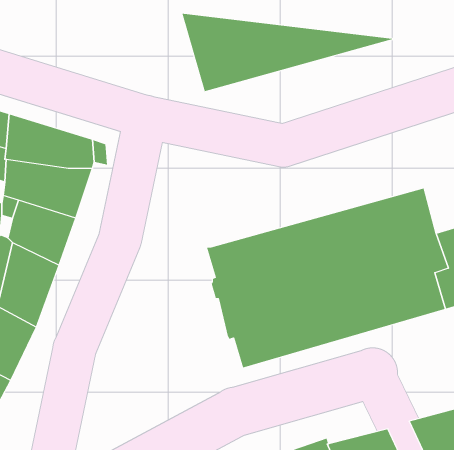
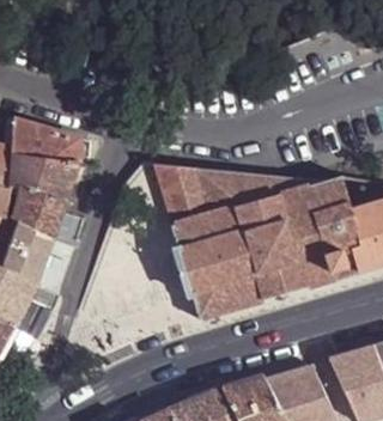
building: [181,13,395,92] -> [154,159,323,221]

